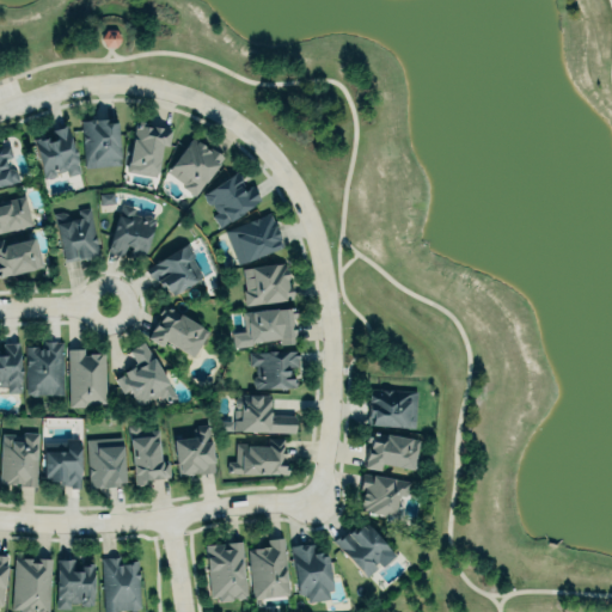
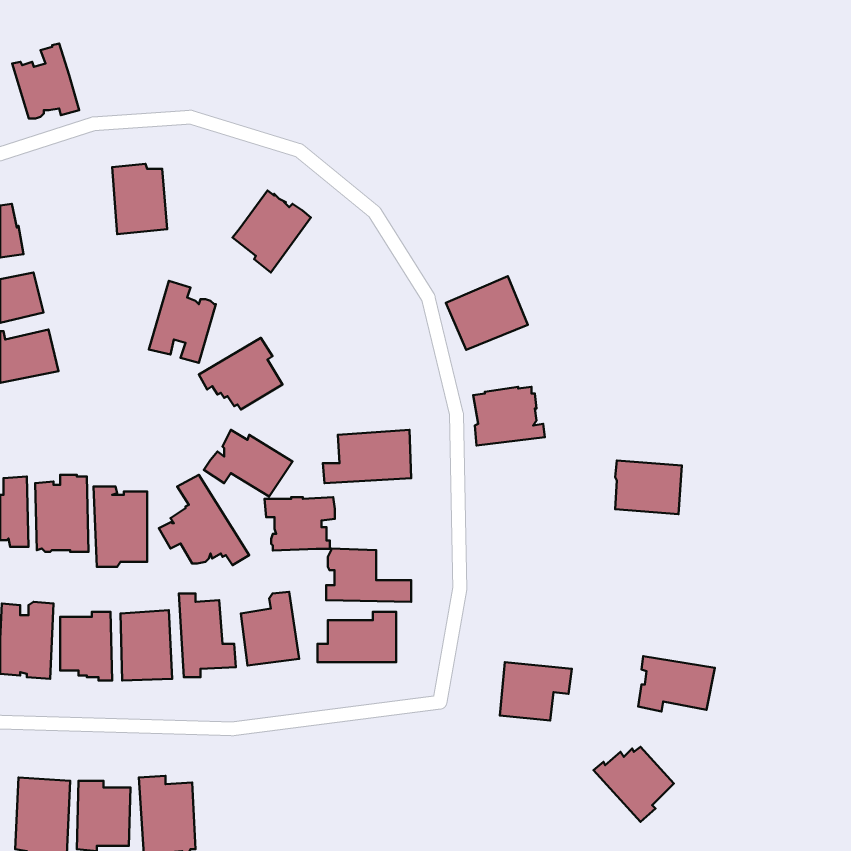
building: [129,122,173,177] -> none
building: [35,126,82,179] -> [12,43,79,119]
building: [203,172,263,228] -> none
building: [55,209,103,263] -> none
building: [226,213,284,265] -> [446,276,528,350]
building: [244,264,295,306] -> [473,387,545,445]
building: [250,351,300,390] -> [265,497,335,551]
building: [369,390,417,428] -> [615,461,682,514]
building: [366,433,421,472] -> [638,656,715,711]
building: [335,525,392,579] -> [594,747,674,822]
building: [249,539,290,600] -> none
building: [207,541,249,602] -> none
building: [294,545,332,602] -> none

